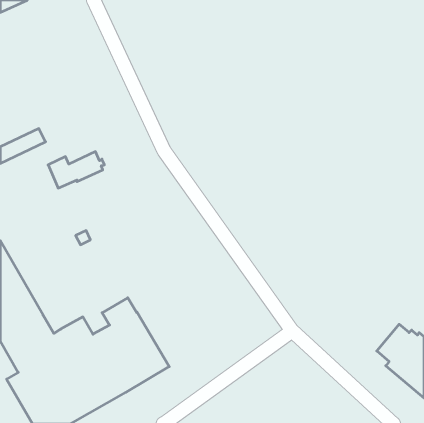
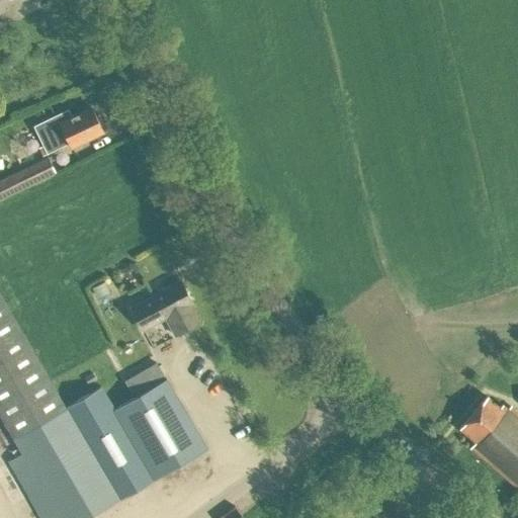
building: [48,152,104,188] -> [34,109,103,154]
building: none -> [132,281,201,336]

